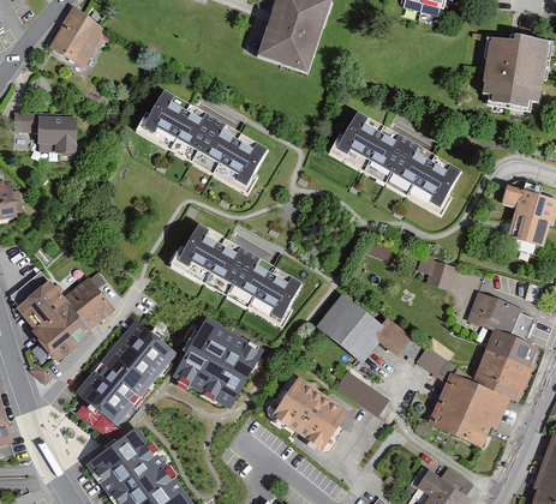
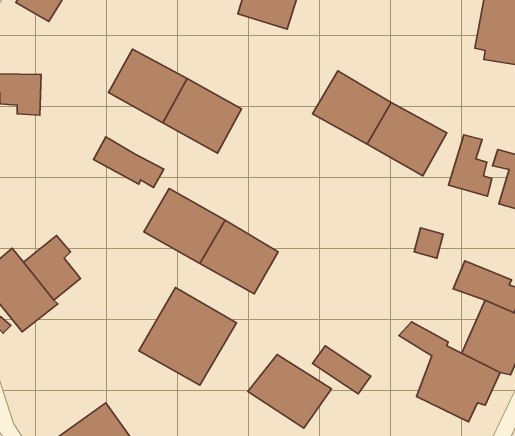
building: none -> [449,135,492,196]
building: none -> [94,137,164,187]
building: [313,293,411,364] -> none
building: [73,311,178,428] -> none

